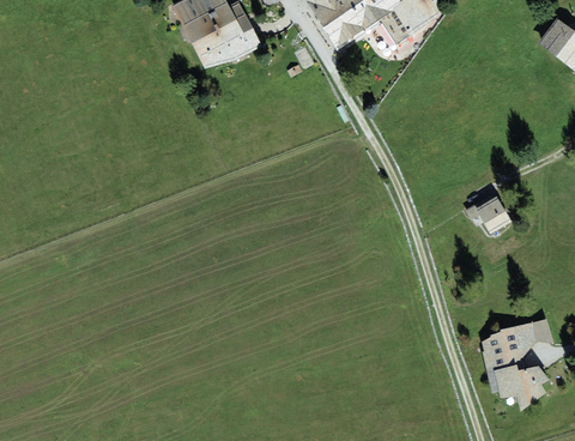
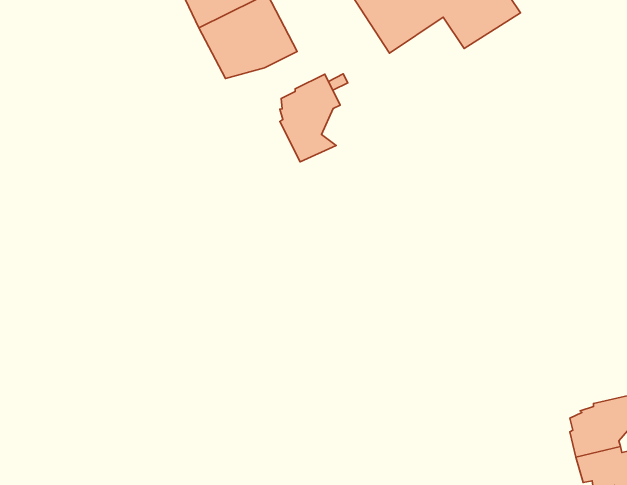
building: none -> [280,74,340,162]
building: [466,195,513,234] -> none

